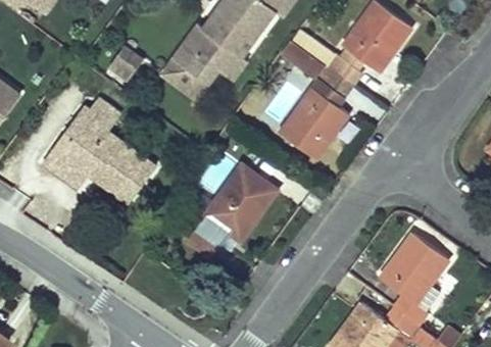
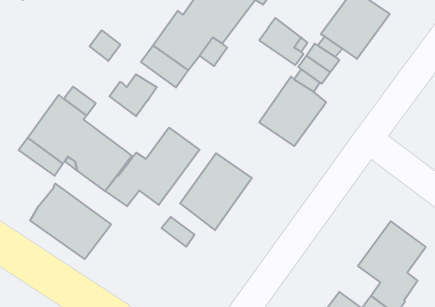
building: none -> [109,74,157,116]
building: none -> [105,128,200,206]
building: none -> [30,184,111,259]

